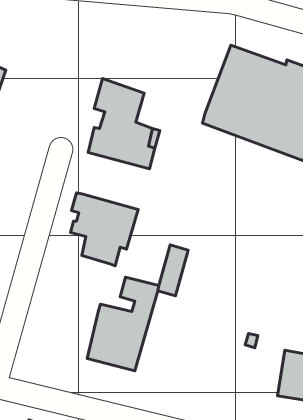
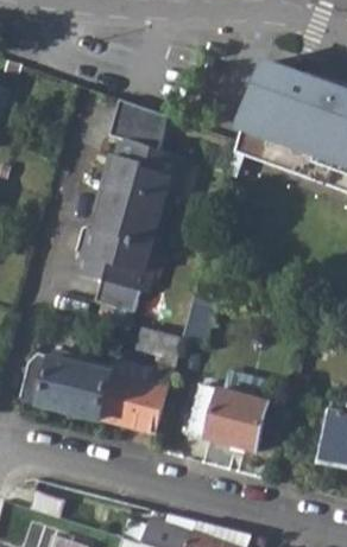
building: none -> [94,184,171,249]
building: none -> [19,349,113,419]
building: none -> [184,383,267,451]

